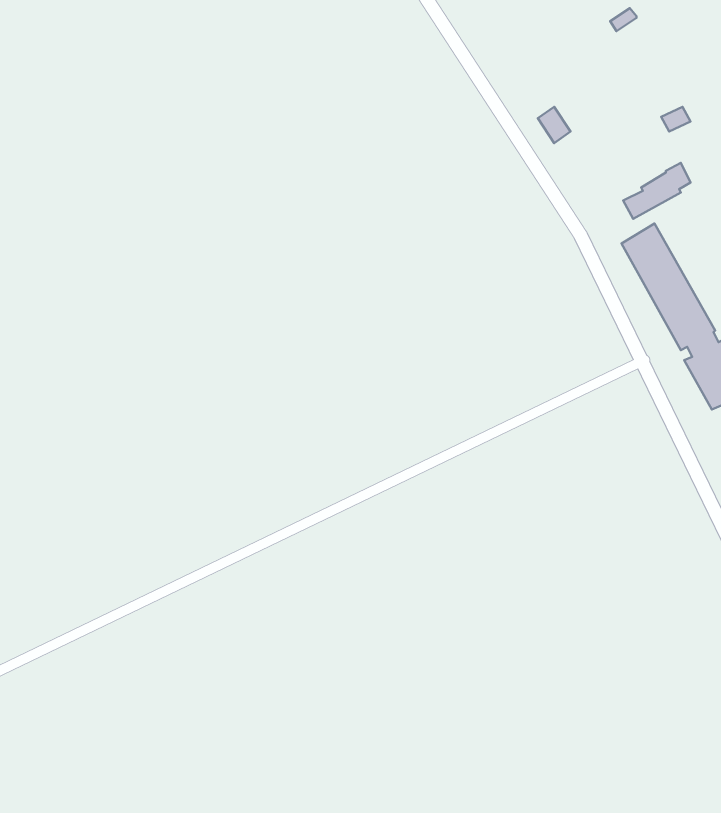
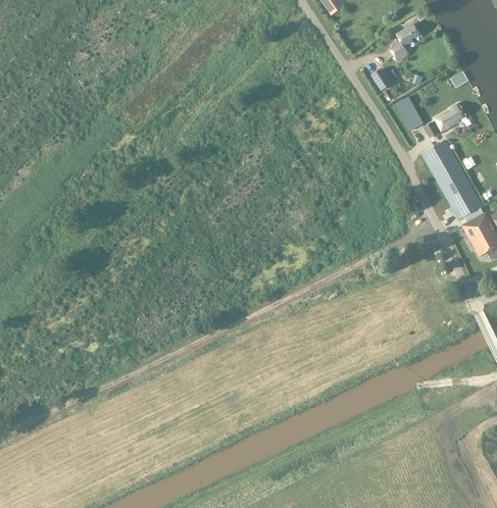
building: none -> [392,24,420,61]
building: none -> [396,97,424,131]

